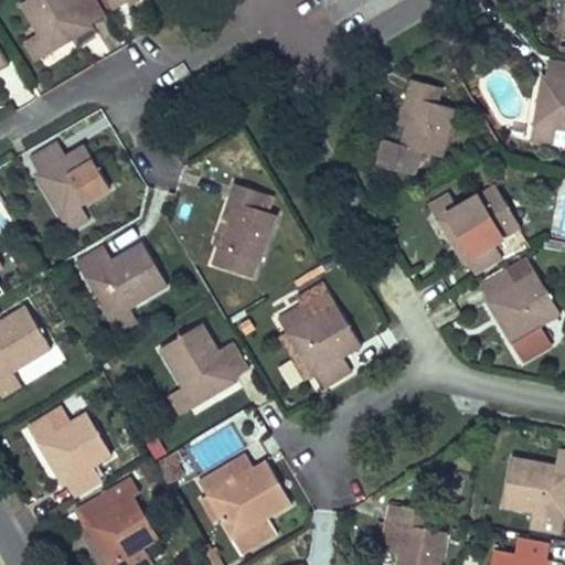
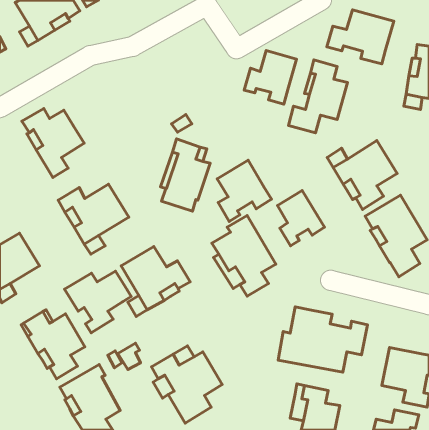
building: none -> [327,10,394,64]
building: none -> [244,51,297,104]
building: none -> [217,160,272,222]
building: none -> [278,190,324,246]
building: none -> [65,271,131,333]
building: none -> [278,307,367,372]

